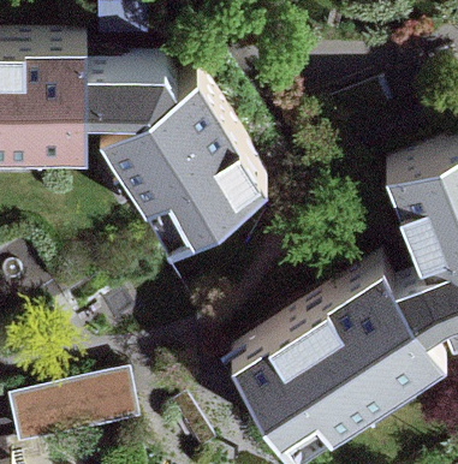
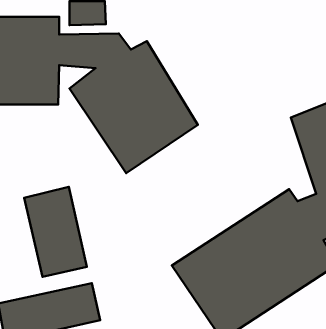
building: none -> [24,187,87,277]

